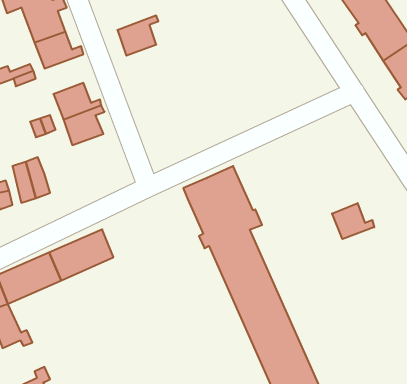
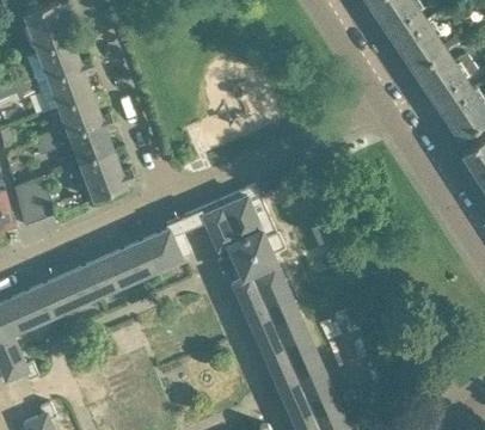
building: [117,16,158,56] -> [49,66,93,109]
building: none -> [79,152,134,201]
building: none -> [111,210,203,284]
building: [332,203,374,239] -> none

